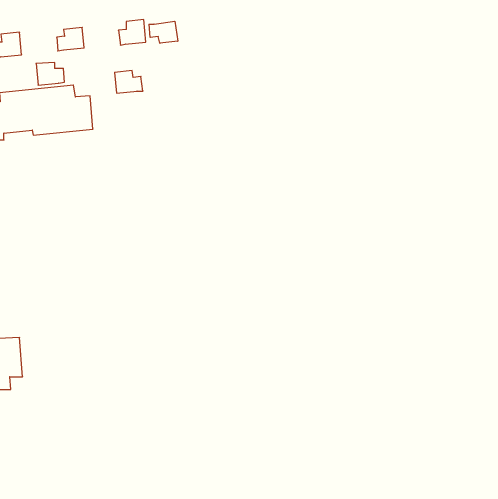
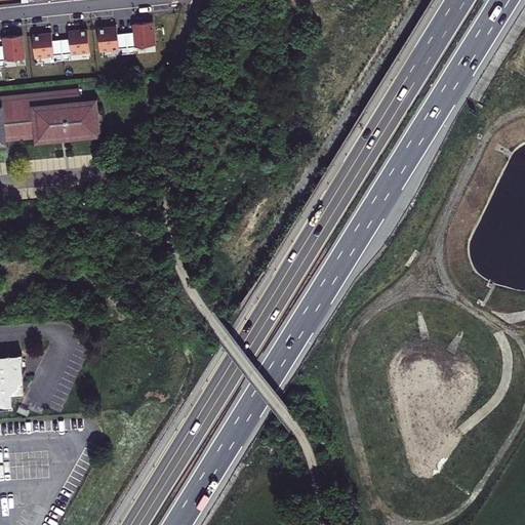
building: [149,21,178,43] -> none
building: [36,63,64,85] -> [31,34,60,57]
building: [115,71,143,93] -> [96,27,126,50]

